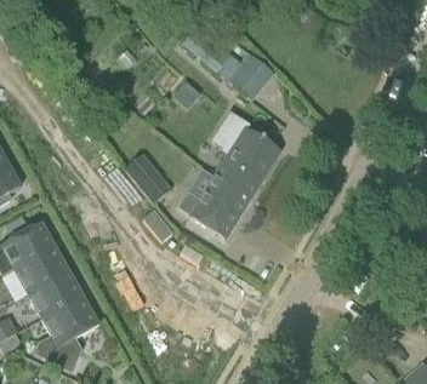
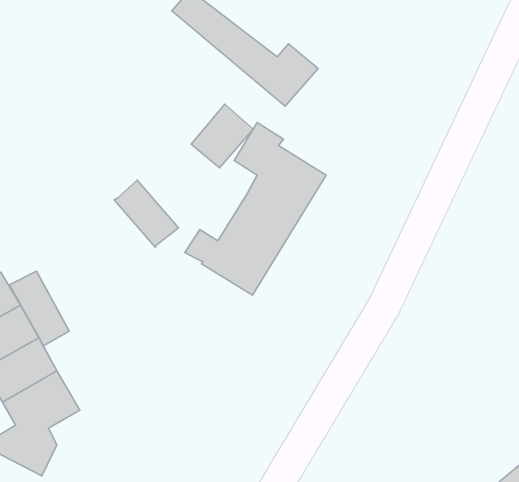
building: none -> [191,104,253,168]
building: none -> [9,271,69,346]

